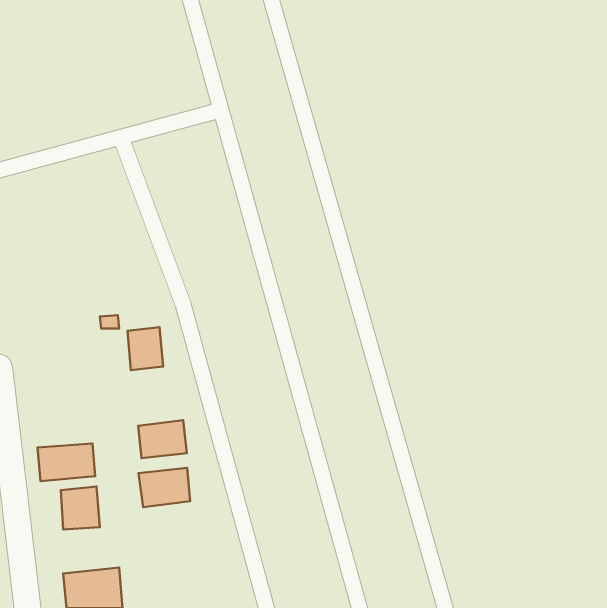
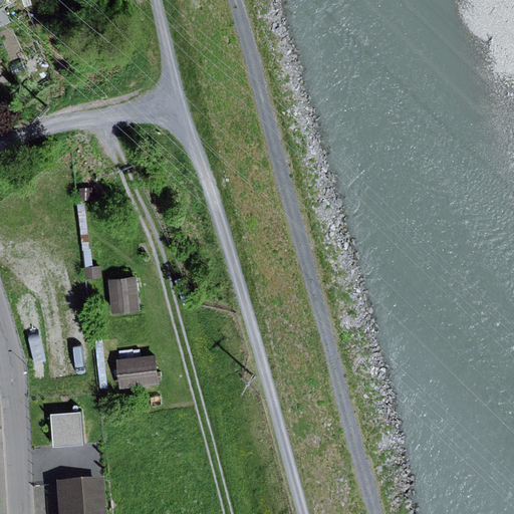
building: [37,444,95,481] -> none
building: [139,468,190,507] -> none

